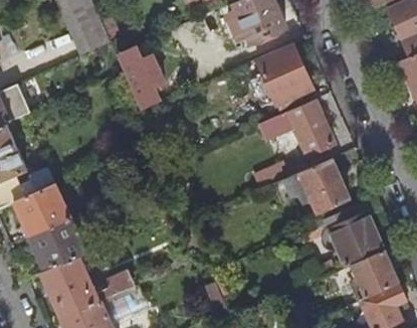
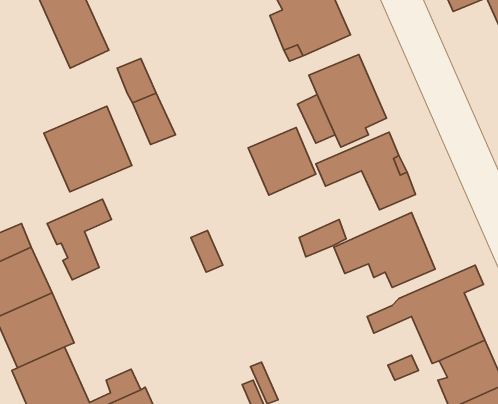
building: none -> [44,106,132,192]
building: none -> [248,128,316,195]
building: none -> [47,199,111,280]

